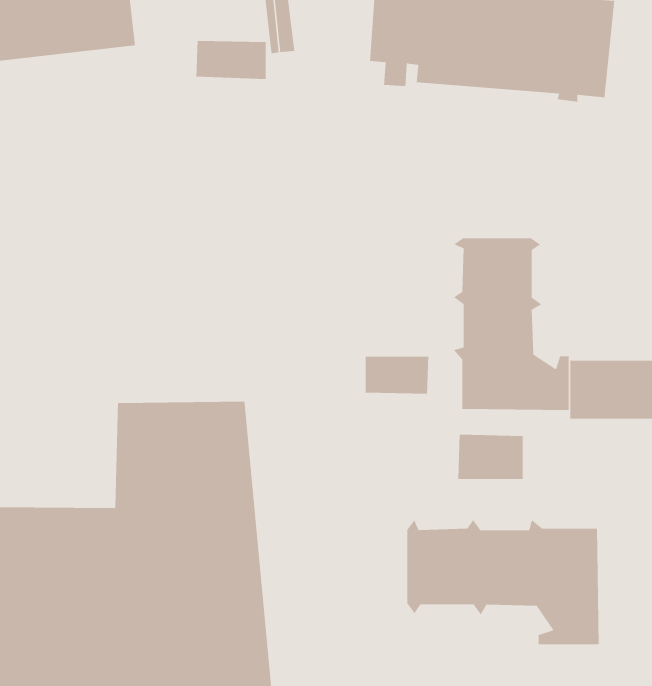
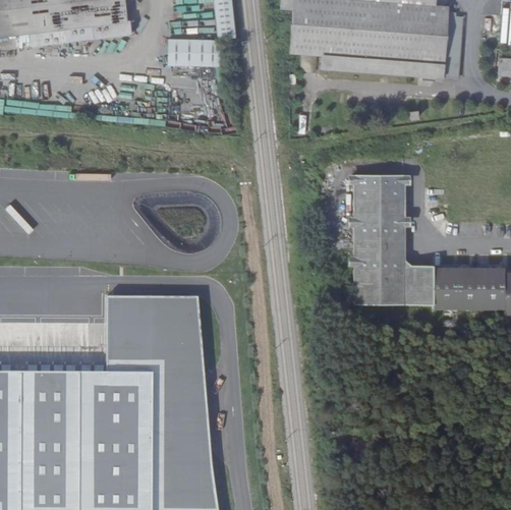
building: [365,356,429,394] -> none
building: [457,434,523,480] -> none
building: [407,519,600,645] -> none

